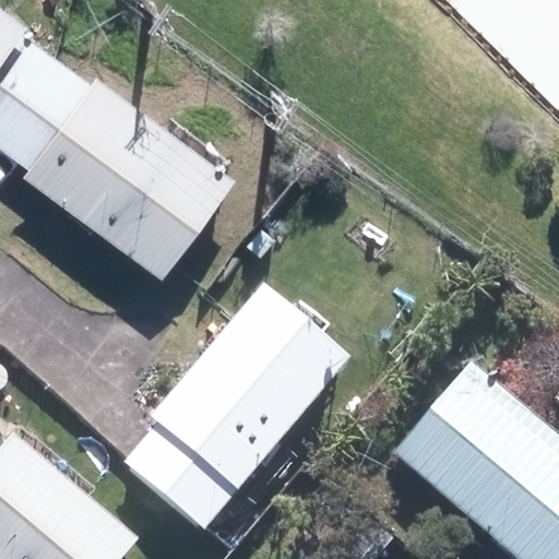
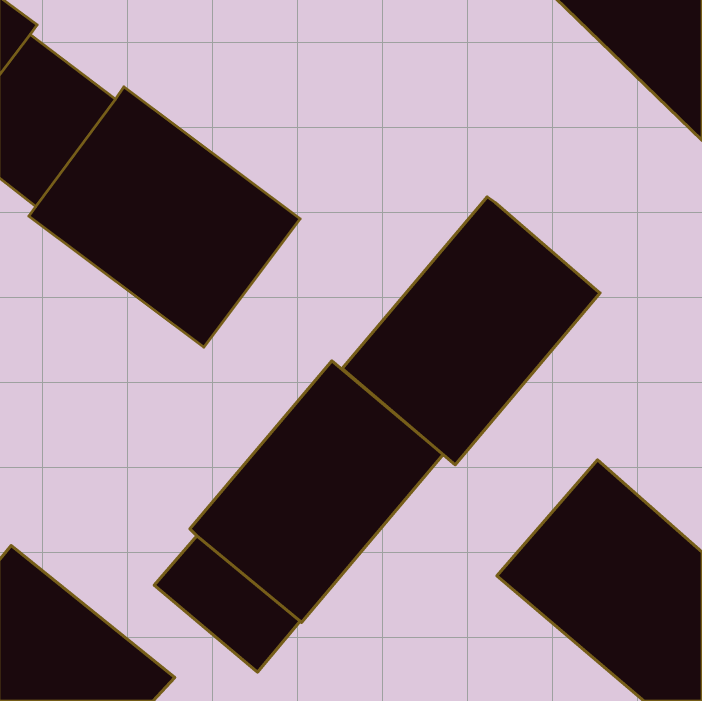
building: none -> [342,197,600,465]

